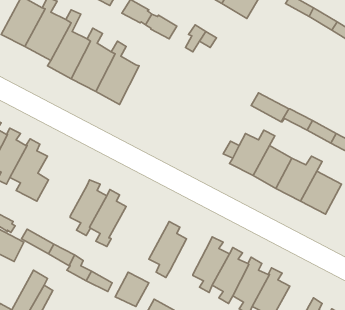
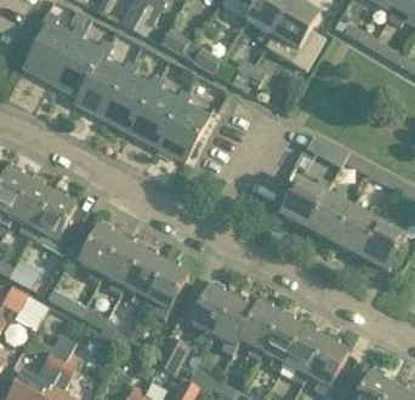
building: none -> [157,90,208,161]
building: none -> [78,219,120,282]
building: none -> [144,255,188,319]
building: none -> [214,291,254,354]

